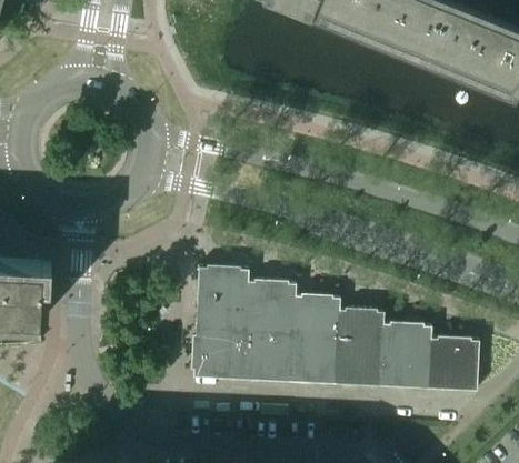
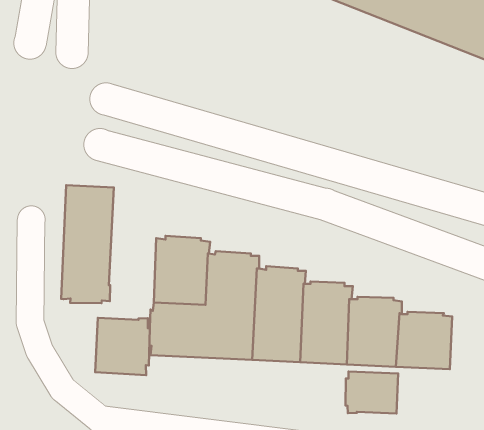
building: none -> [61,185,114,303]
building: none -> [95,318,150,375]
building: none -> [346,371,398,413]

